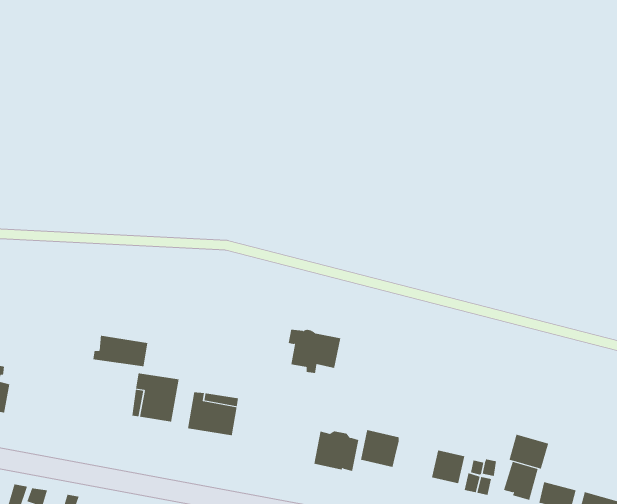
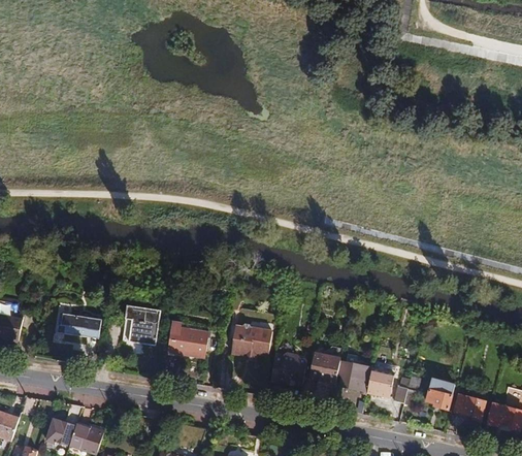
building: [288,329,341,373] -> [229,324,272,360]
building: [92,335,148,367] -> [56,313,101,338]
building: [509,434,549,470] -> none
building: none -> [339,361,371,391]

